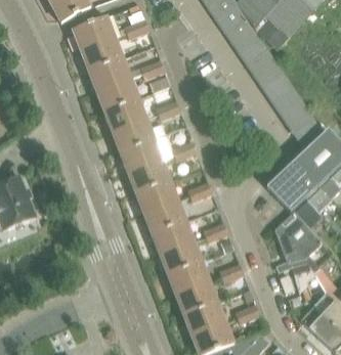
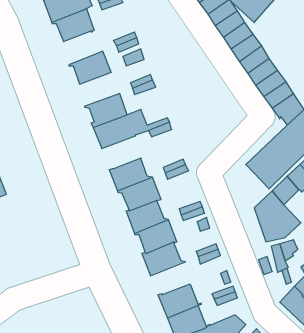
building: [88,58,129,91] -> none
building: [103,99,145,131] -> none
building: [128,160,169,191] -> none
building: [175,281,217,313] -> none

